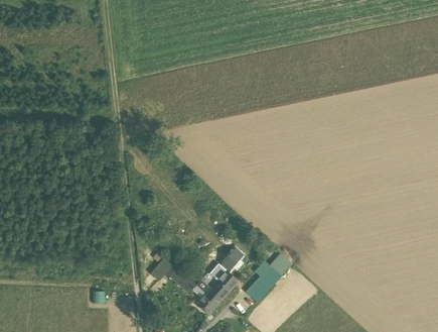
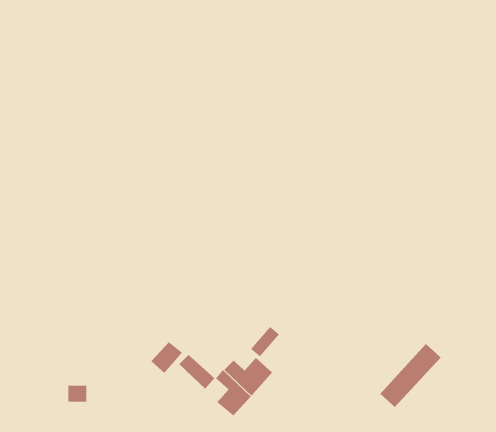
building: [246,254,290,301] -> [379,343,441,408]

